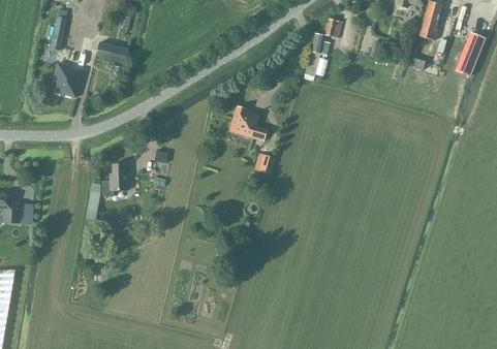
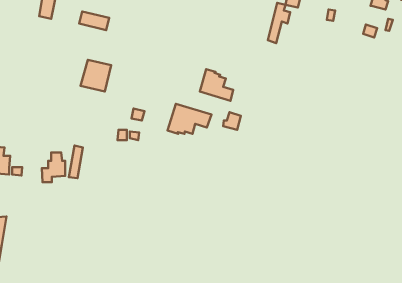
building: [50,62,84,97] -> [81,60,111,91]
building: none -> [167,104,212,134]
building: [102,163,128,196] -> [42,152,65,182]

